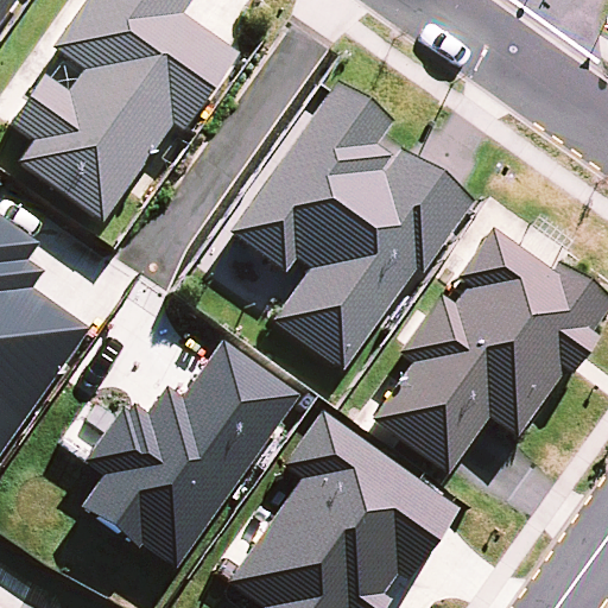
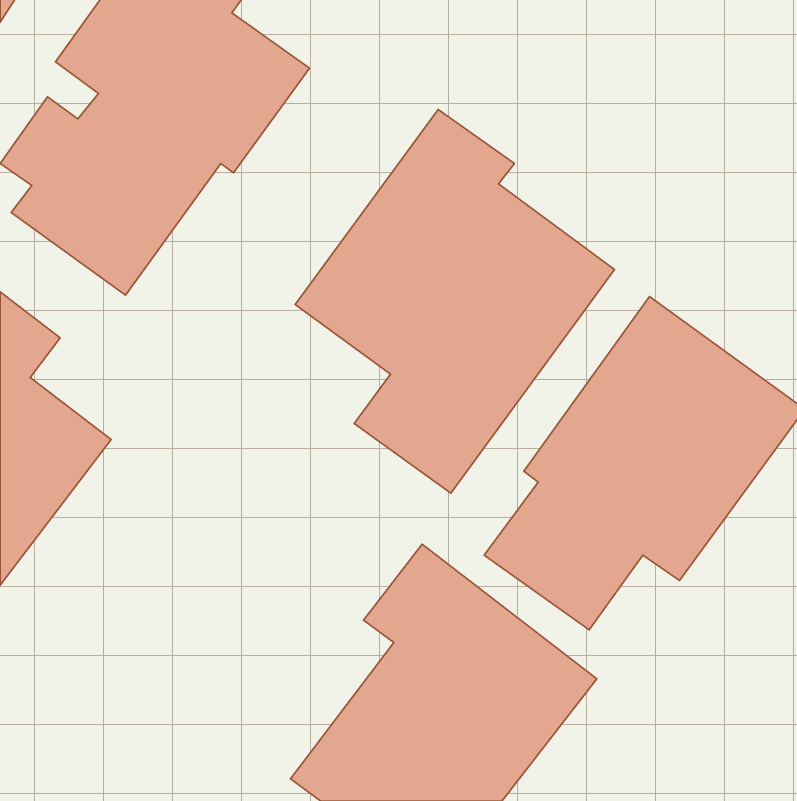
building: [84,338,299,568] -> none

